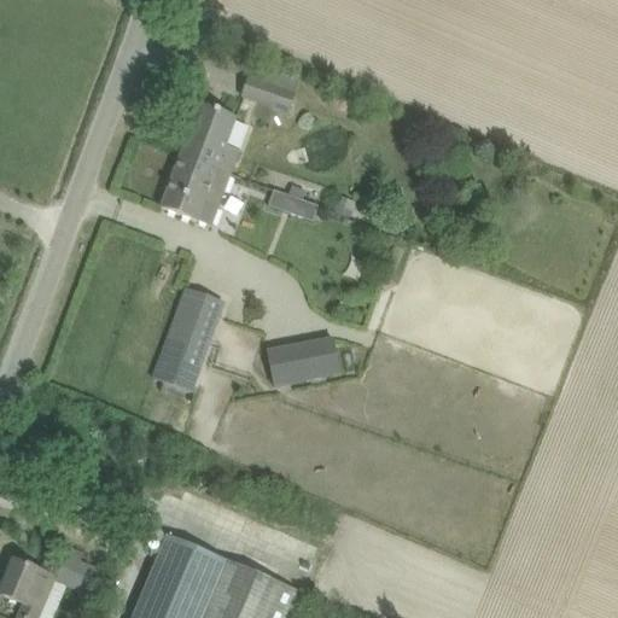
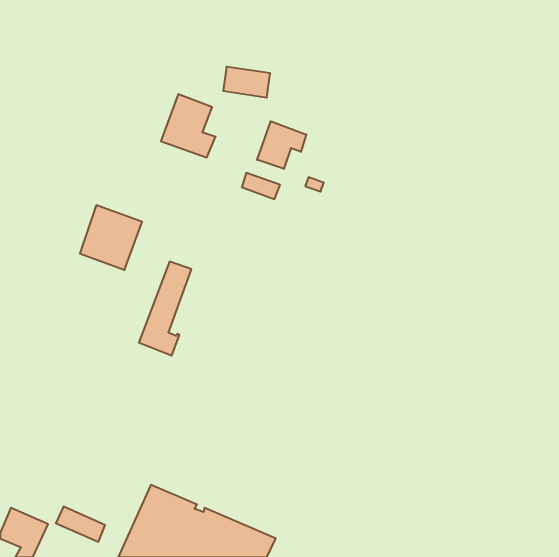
building: none -> [257,121,306,169]
building: [159,156,228,227] -> [80,205,142,270]
building: [269,332,346,387] -> none

